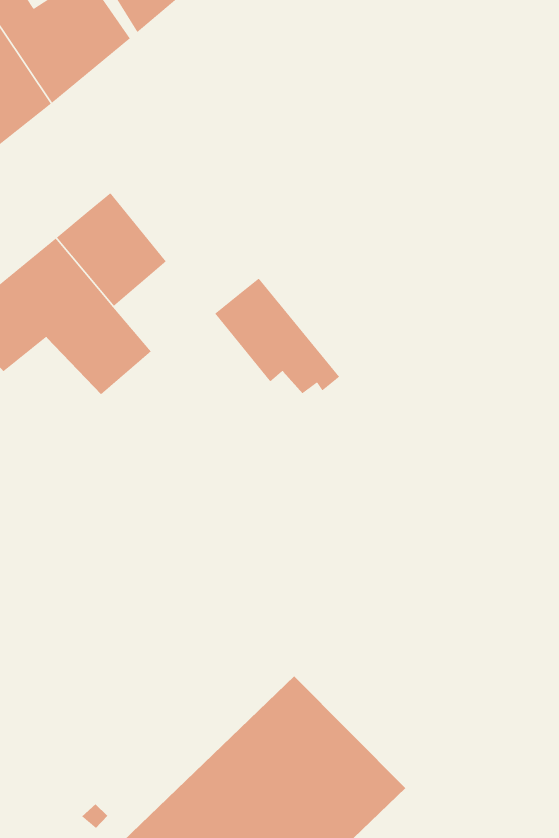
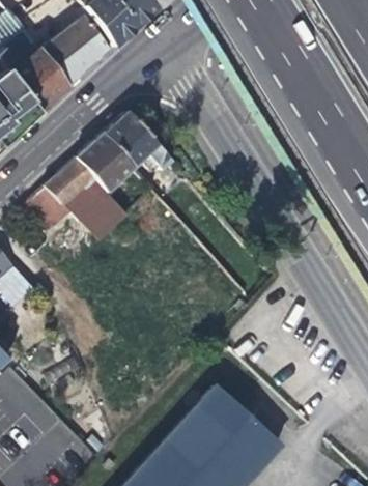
building: [214,277,340,394] -> [102,112,171,173]

